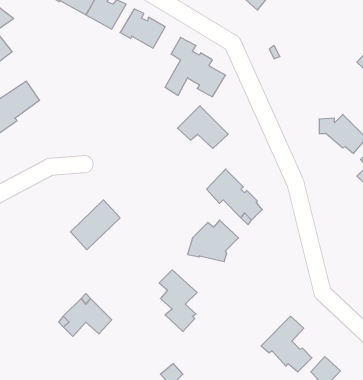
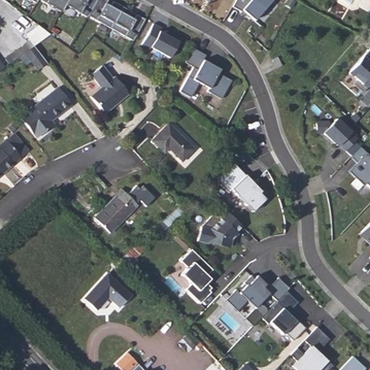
building: none -> [93,63,132,111]
building: [177,106,228,148] -> [149,122,194,159]
building: none -> [224,277,288,313]

